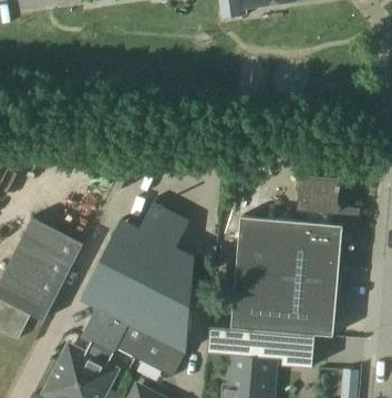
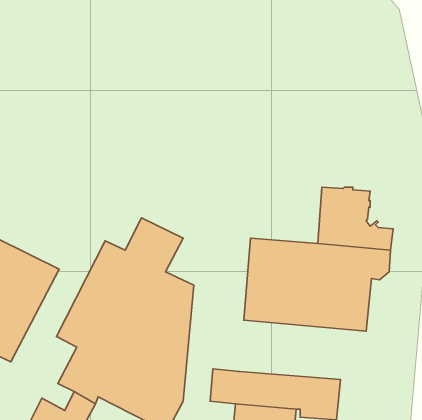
building: [231,284,336,334] -> none

